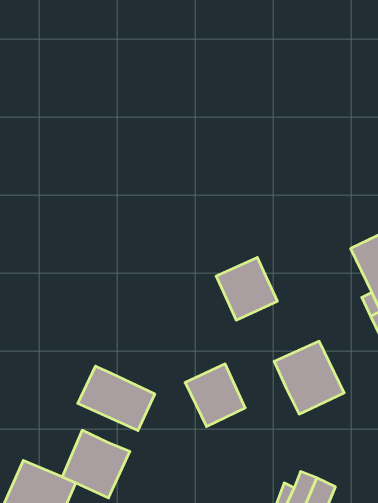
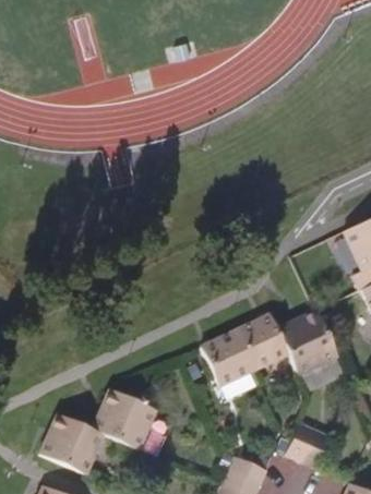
building: [216,257,277,320] -> [235,315,288,370]
building: [78,366,155,431] -> none

